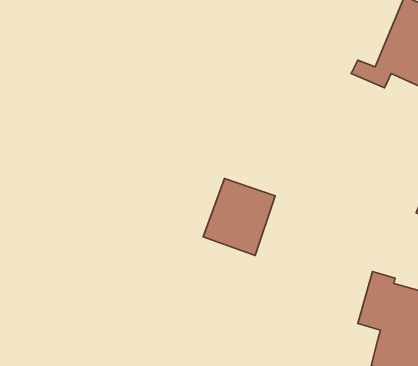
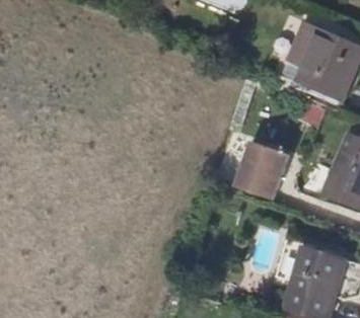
building: [203,178,275,256] -> [235,141,290,200]

